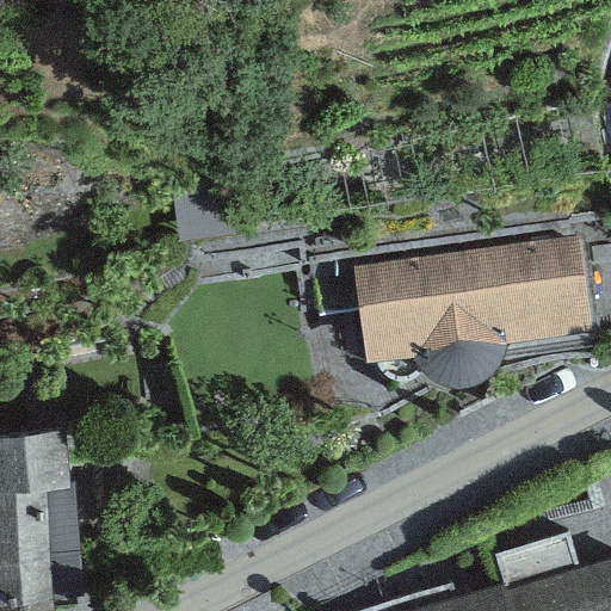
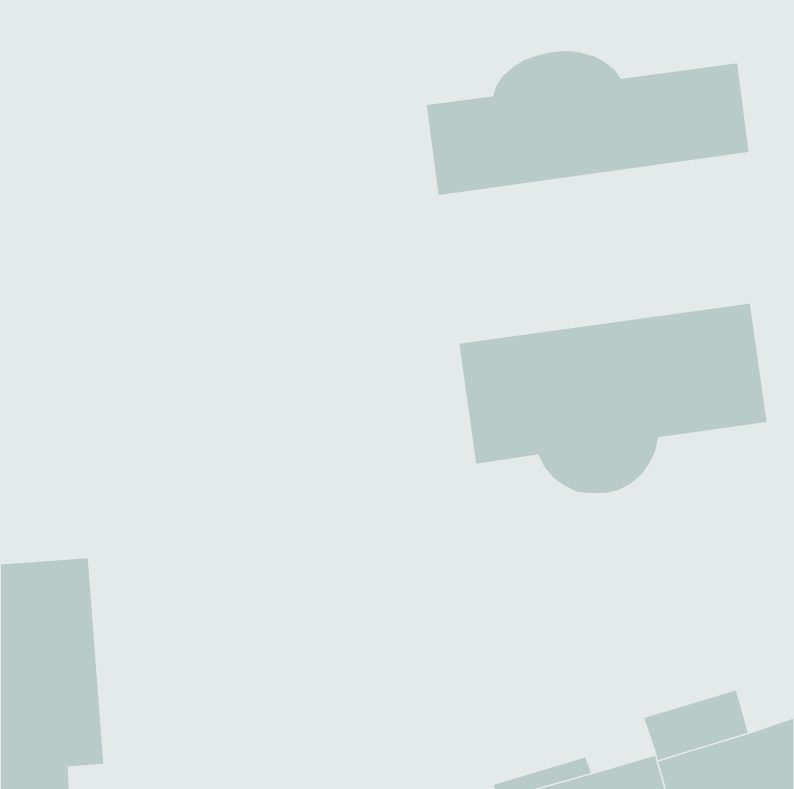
building: none -> [426,50,750,196]

